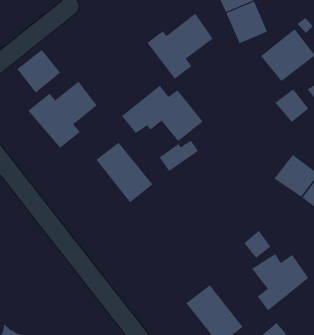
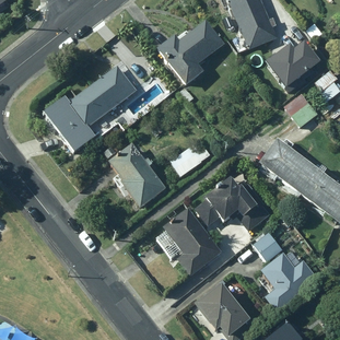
building: [16,49,61,94] -> [92,66,136,109]
building: [121,85,203,142] -> [195,177,275,233]
building: none -> [257,139,302,181]
building: none -> [160,208,220,277]

